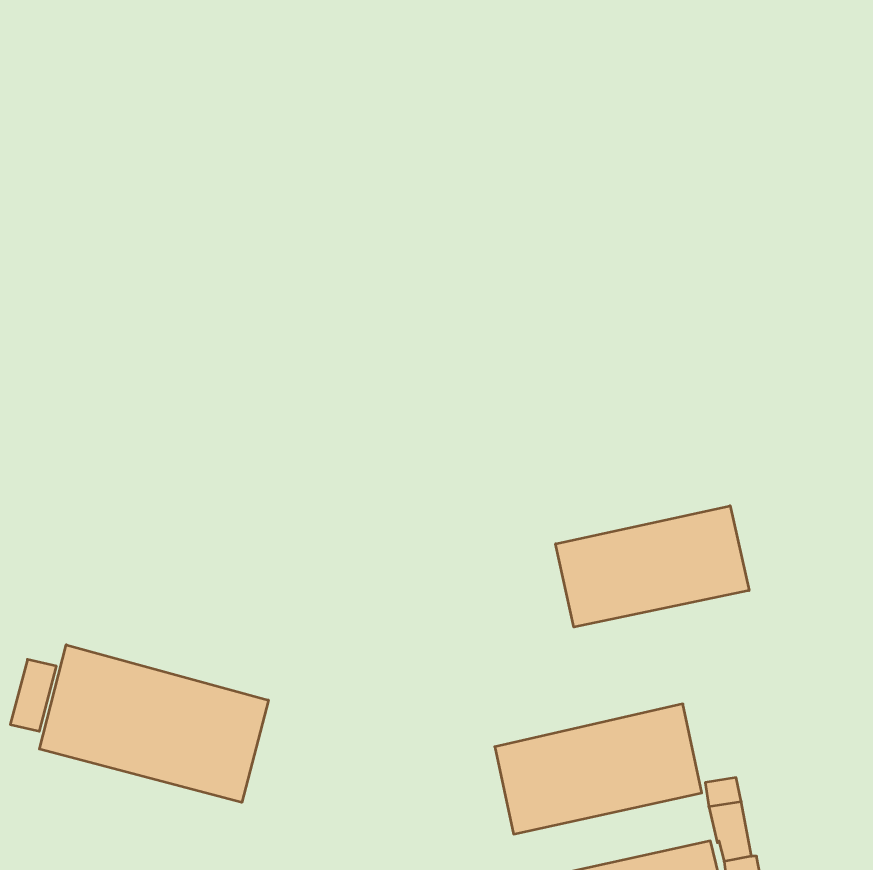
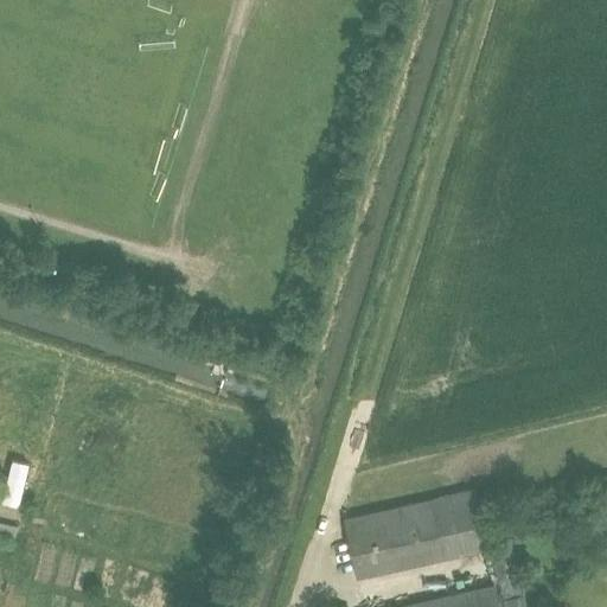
building: [556,506,749,627] -> none
building: [39,645,268,802] -> none

